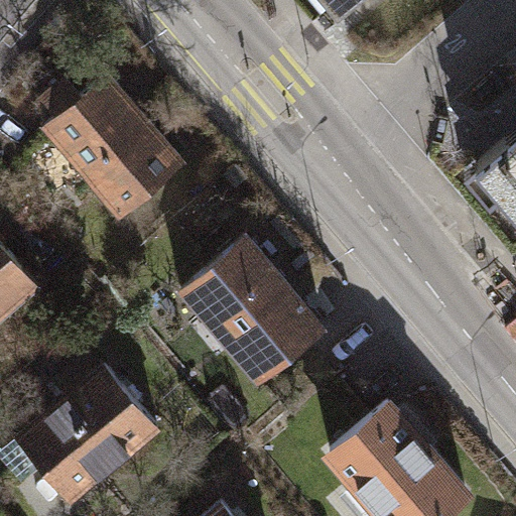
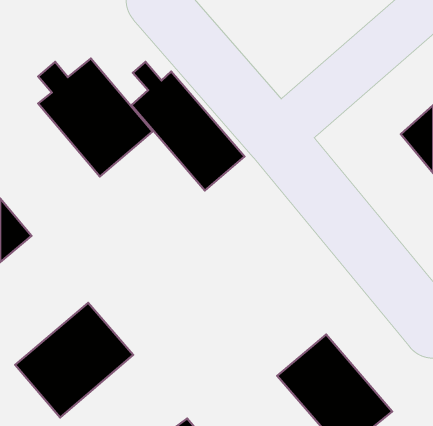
building: none -> [132,62,244,190]
building: [181,238,325,384] -> none

